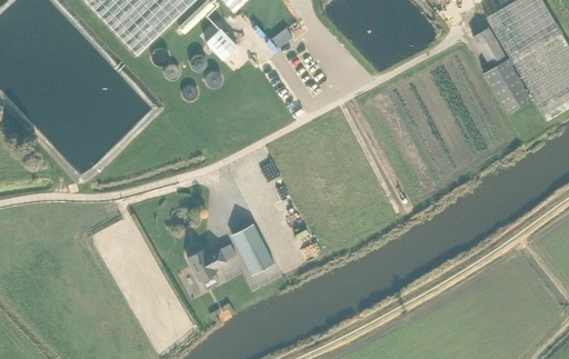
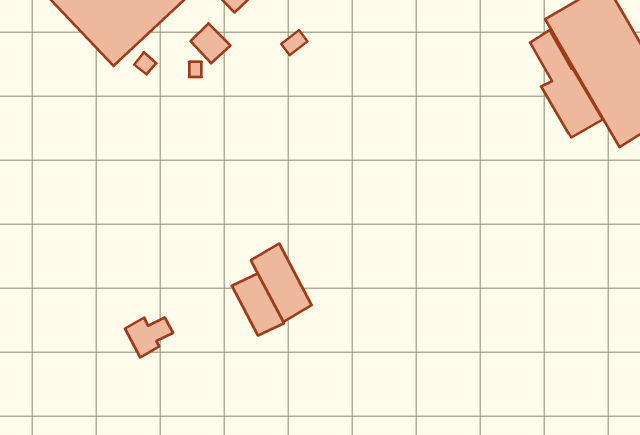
building: none -> [251,244,312,322]
building: [188,248,227,280] -> [125,318,173,357]

